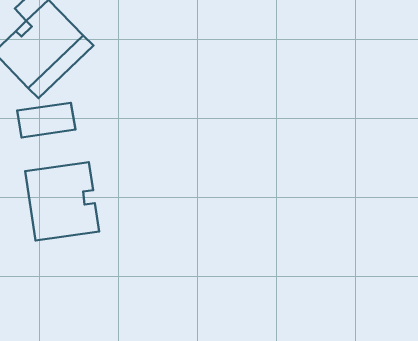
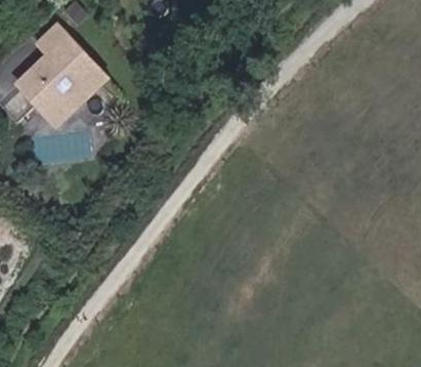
building: [25,162,99,241] -> none

